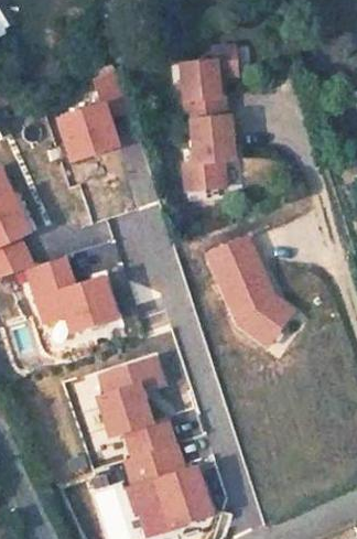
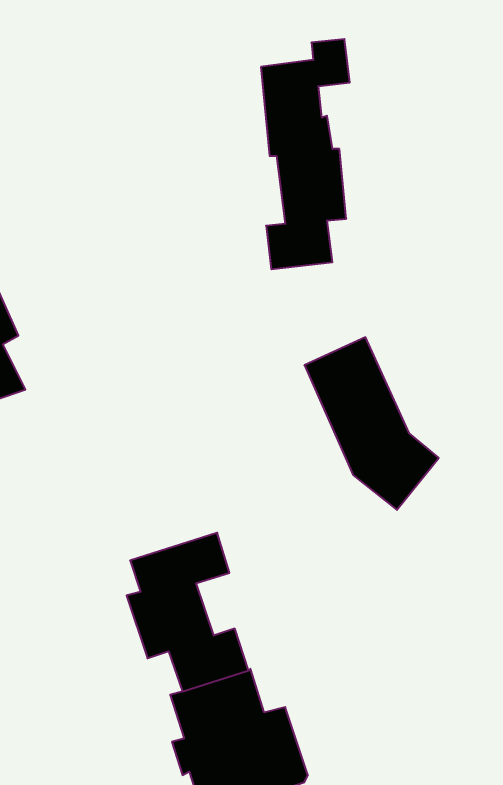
building: [60,67,131,160] -> none
building: [25,257,116,333] -> none

